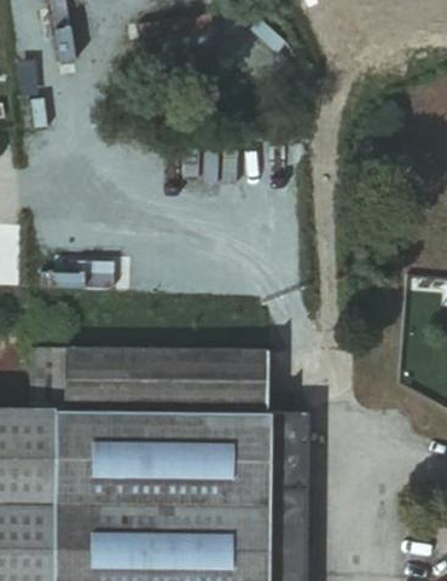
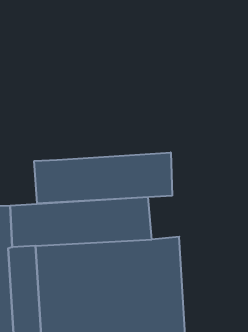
building: none -> [34,152,172,203]

